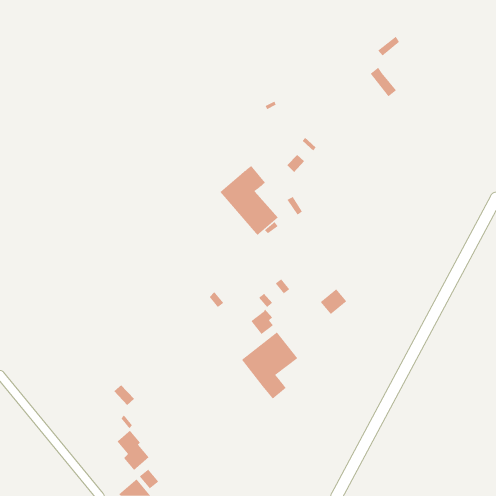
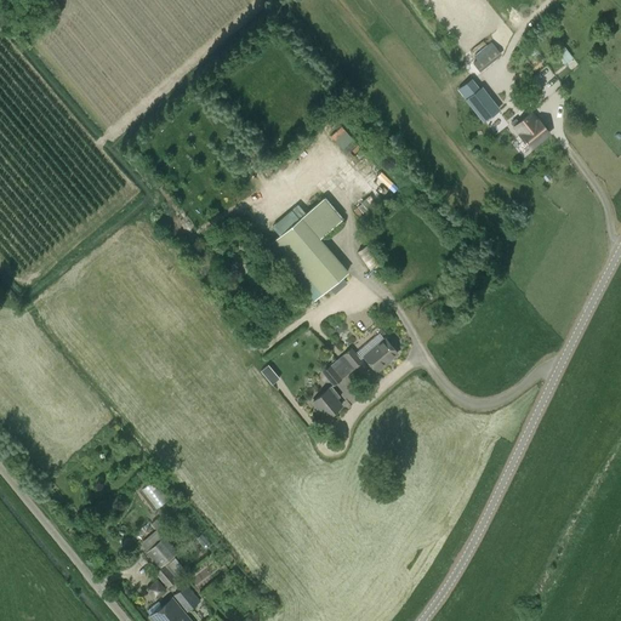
building: none -> [512,113,549,148]
building: [320,289,347,315] -> [364,338,398,371]
building: [241,332,298,400] -> none

